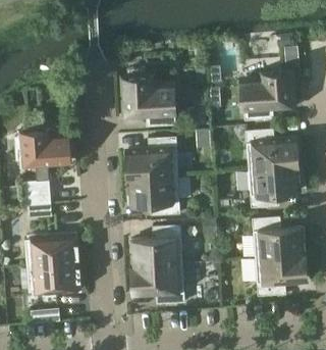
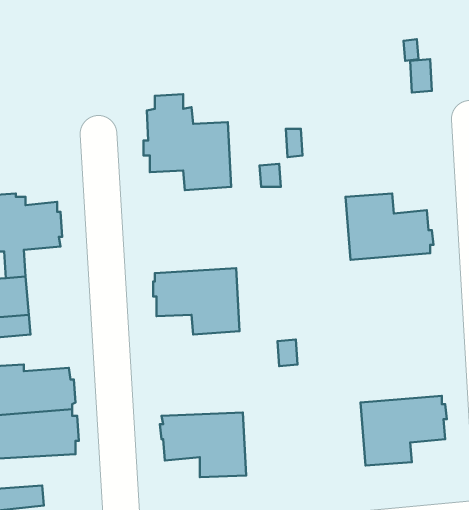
building: [241,71,295,121] -> none
building: [126,137,178,179] -> none
building: [249,166,301,209] -> none
building: [252,217,306,258] -> none
building: [130,226,182,266] -> none

